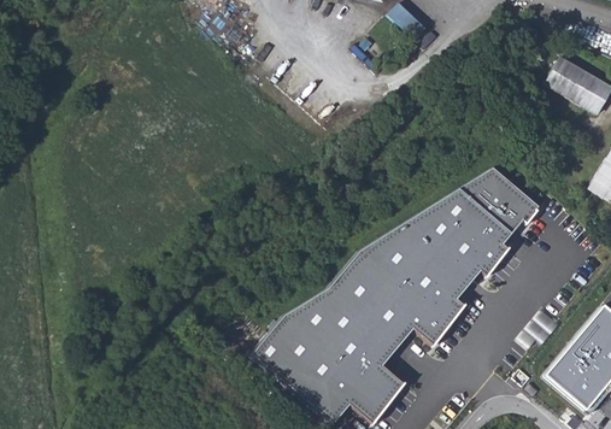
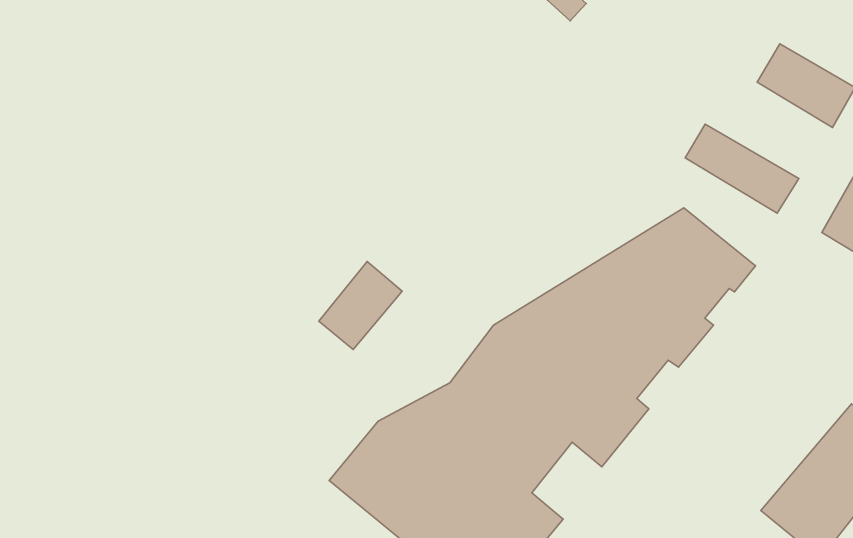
building: none -> [685,124,799,213]
building: none -> [319,261,402,349]

